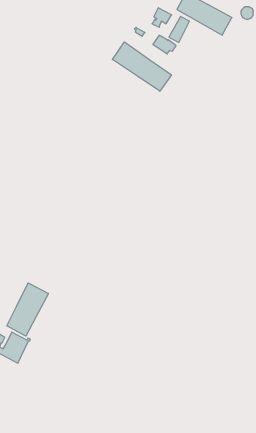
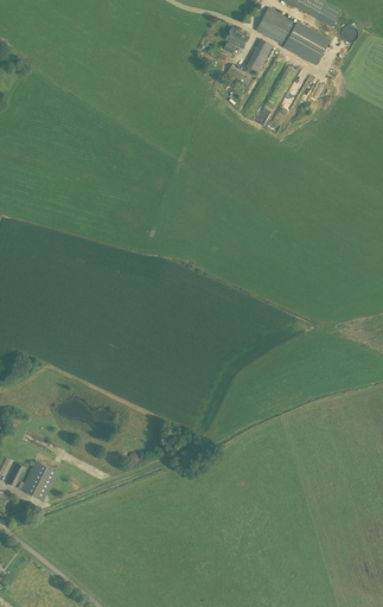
building: [112,42,171,91] -> none
building: [7,283,48,336] -> none

